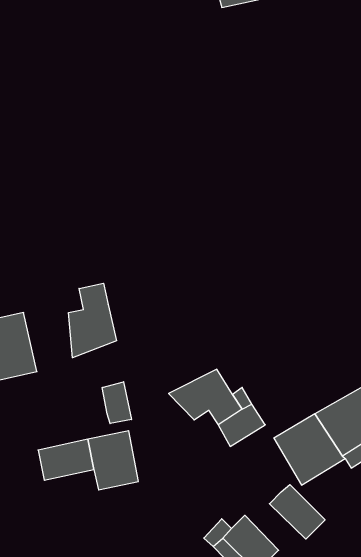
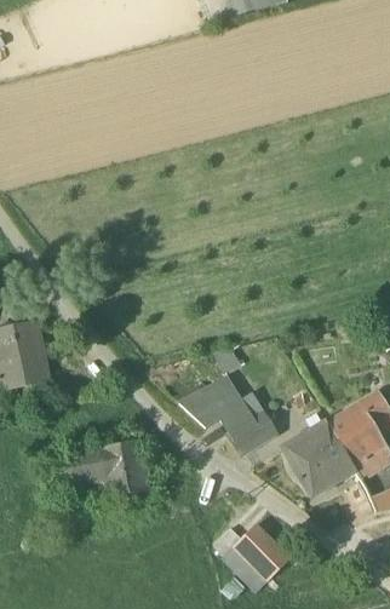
building: [69,283,117,358] -> none
building: [102,382,131,424] -> none
building: [269,485,325,539] -> none

